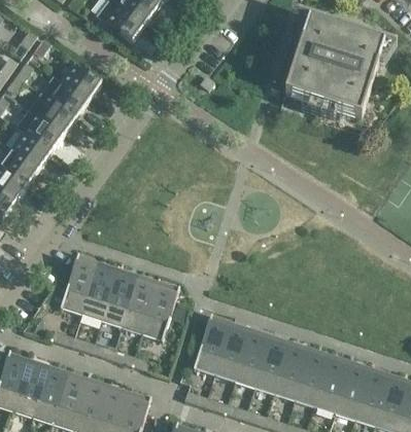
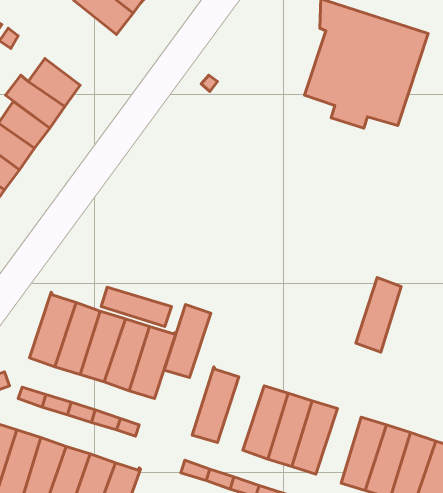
building: none -> [101,287,171,327]
building: [213,321,251,381] -> [164,304,211,378]
building: [294,347,331,407] -> [356,278,401,352]

